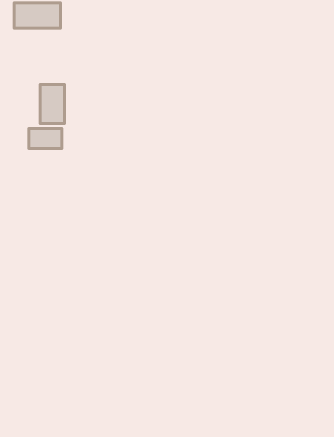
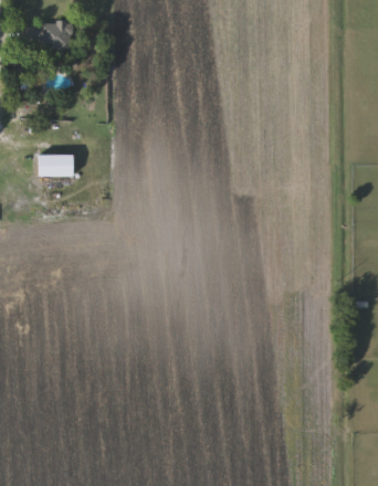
building: [40,84,64,124] -> none

